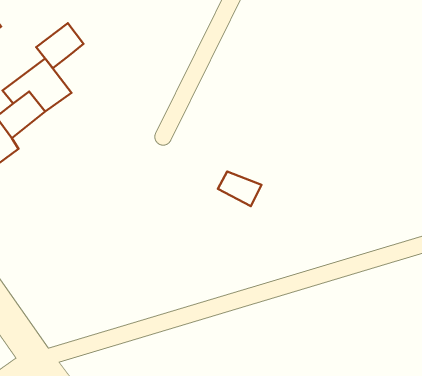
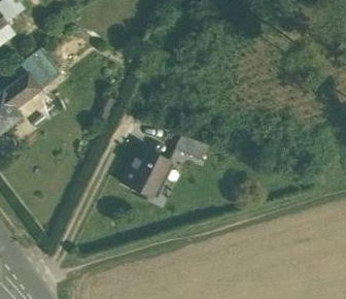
building: [36,23,84,68] -> none
building: none -> [120,147,169,199]

